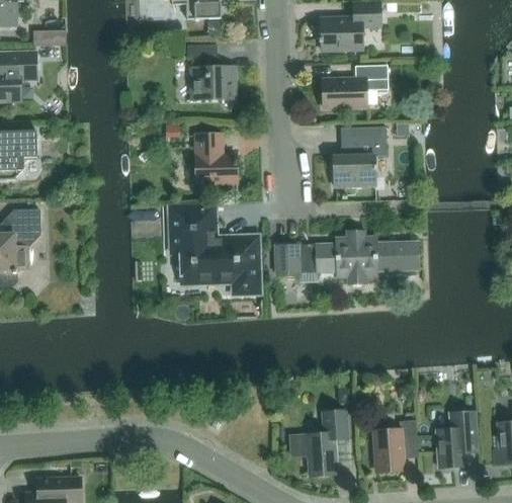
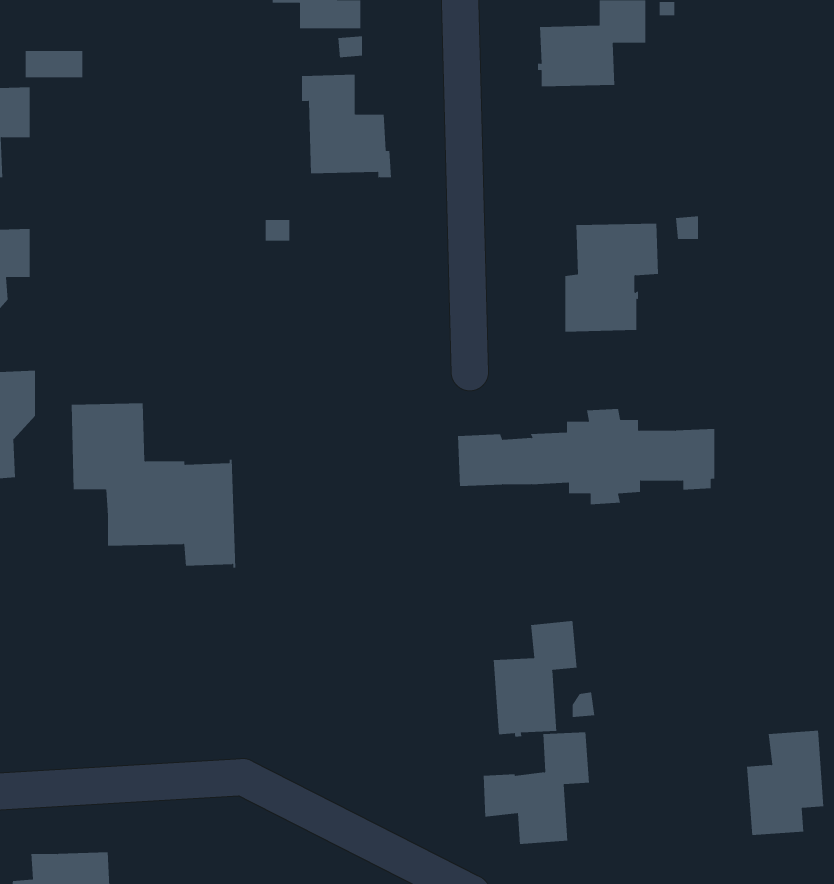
building: [322,65,388,107] -> none
building: [195,133,237,183] -> none
building: [169,203,261,296] -> [71,403,236,568]
building: none -> [493,620,577,737]
building: [373,419,418,472] -> none

